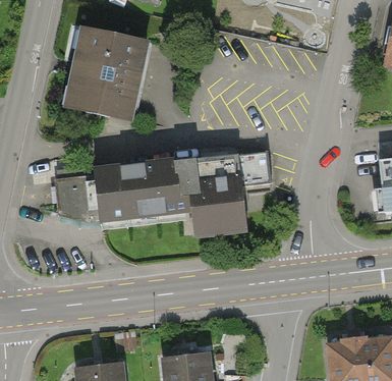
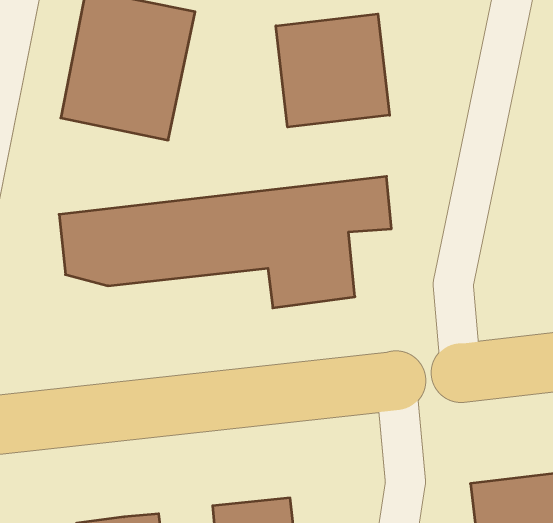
building: none -> [276,14,390,127]

